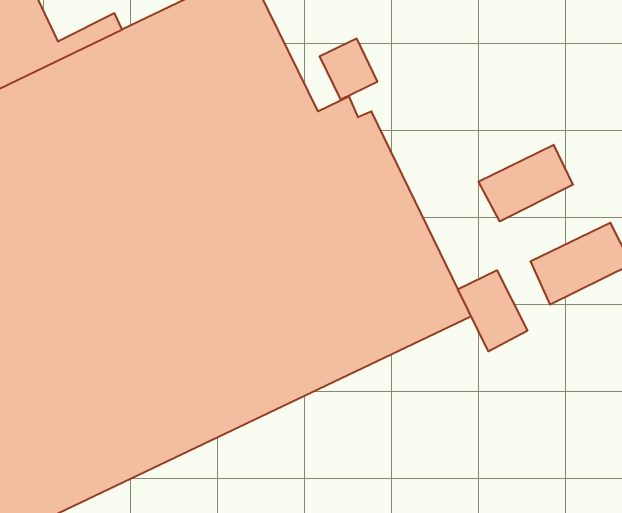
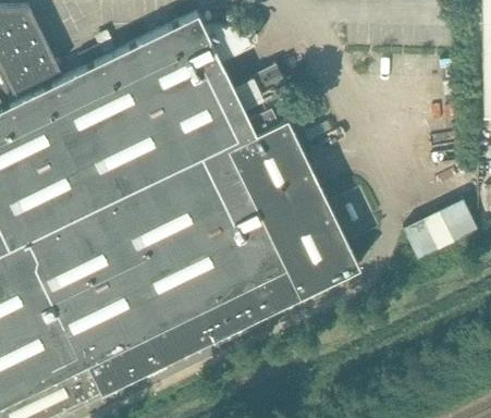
building: [479,145,573,221] -> none
building: [458,270,527,351] -> none

